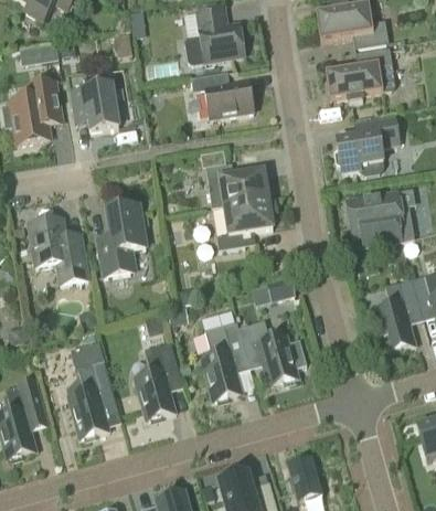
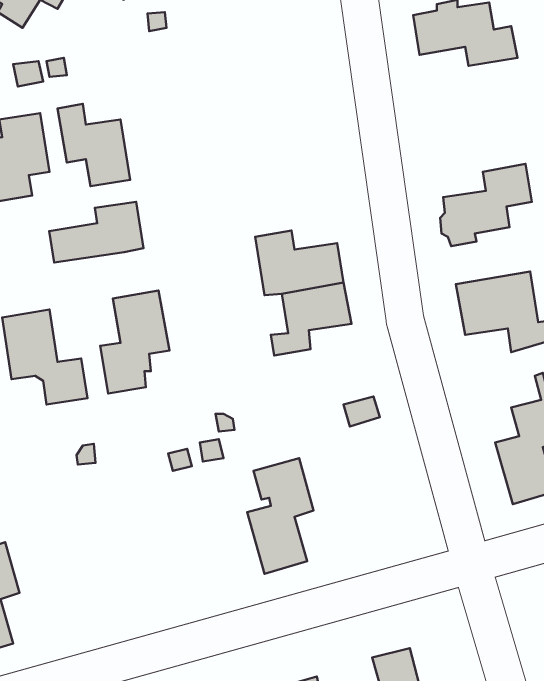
building: [196,6,244,60] -> none
building: [325,46,395,100] -> none
building: [190,72,253,117] -> none
building: none -> [49,202,143,263]
building: [236,319,306,385] -> none
building: [134,340,180,419] -> none
building: [67,343,114,437] -> none

